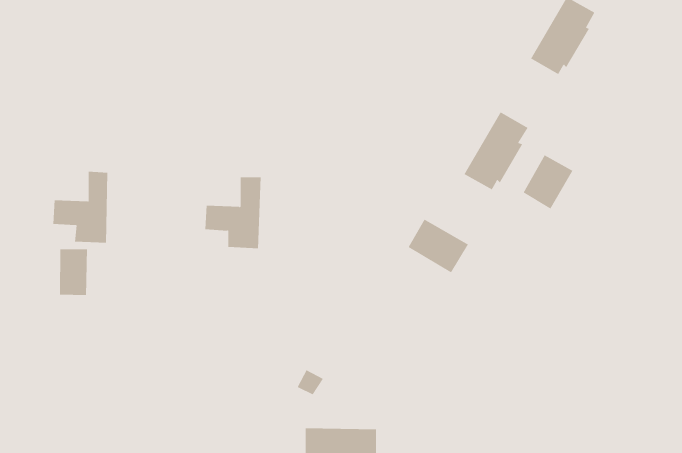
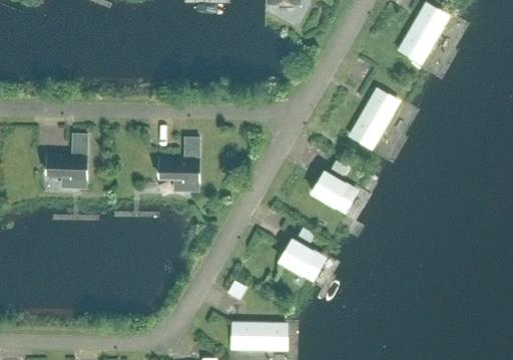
building: [523,155,573,209] -> none
building: [60,248,87,296] -> none
building: none -> [279,240,319,277]

